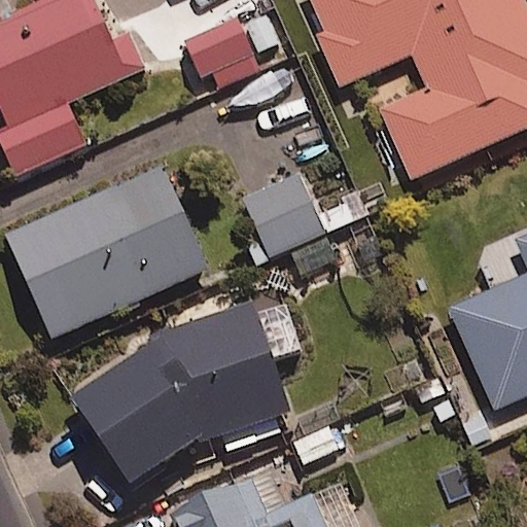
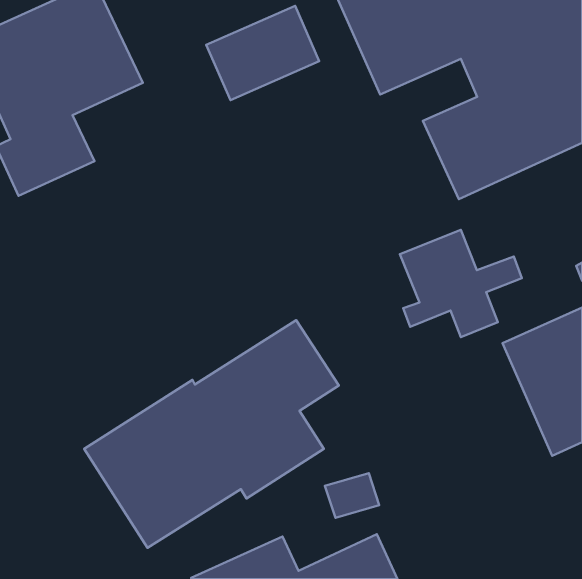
building: [7,167,206,337] -> none
building: [244,176,353,272] -> [400,230,522,337]

